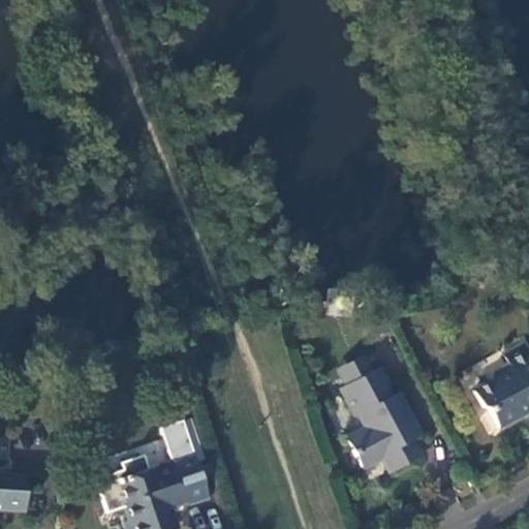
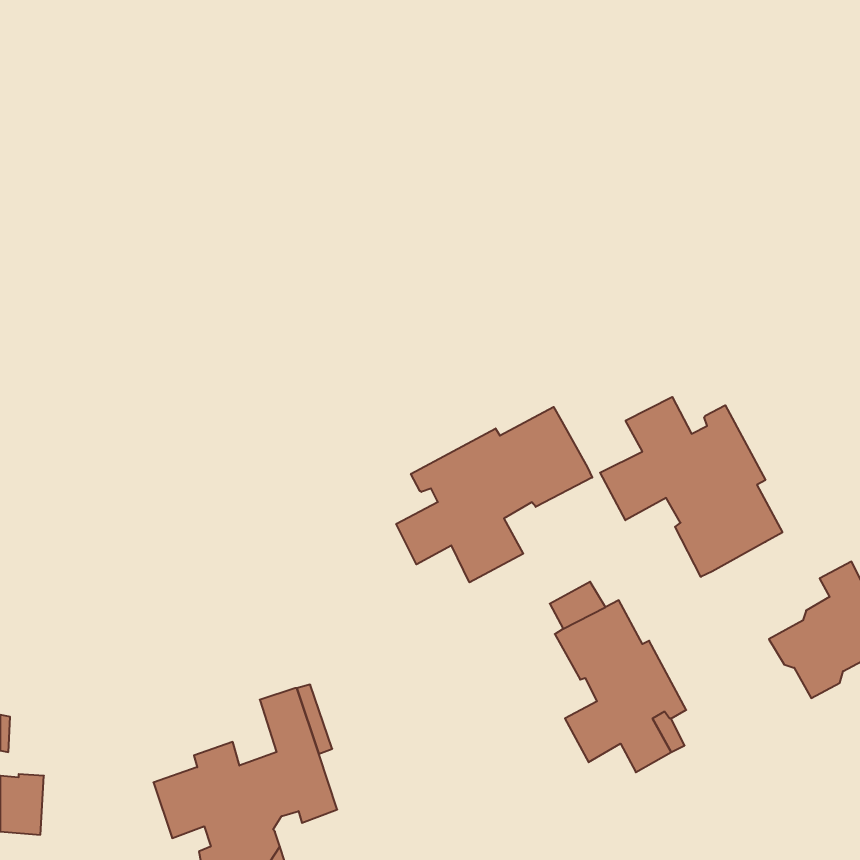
building: none -> [600,397,782,577]
building: none -> [396,407,592,582]

